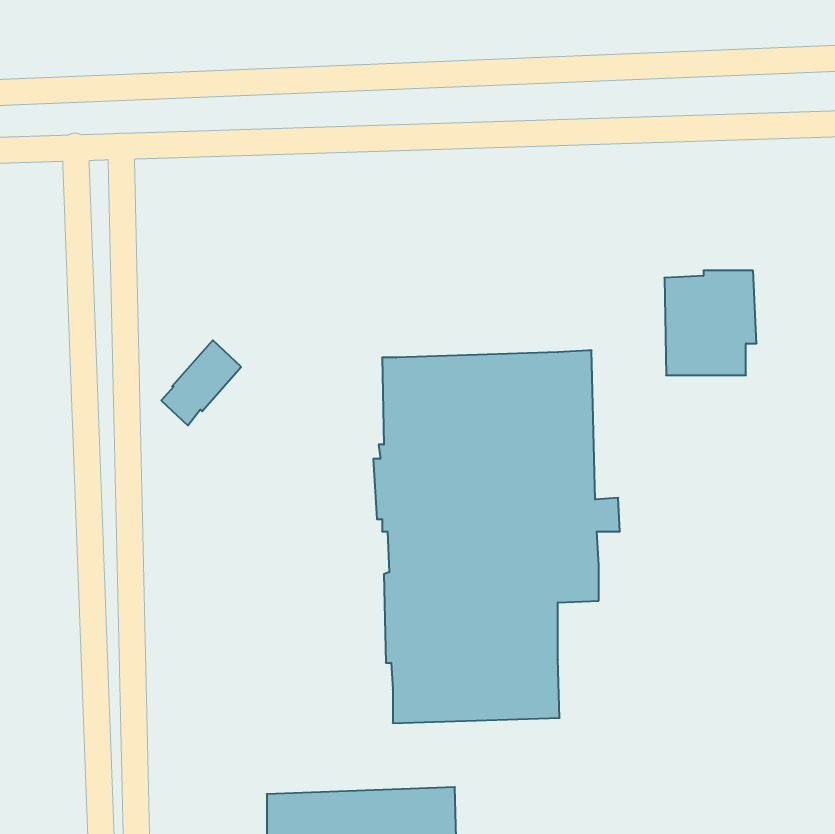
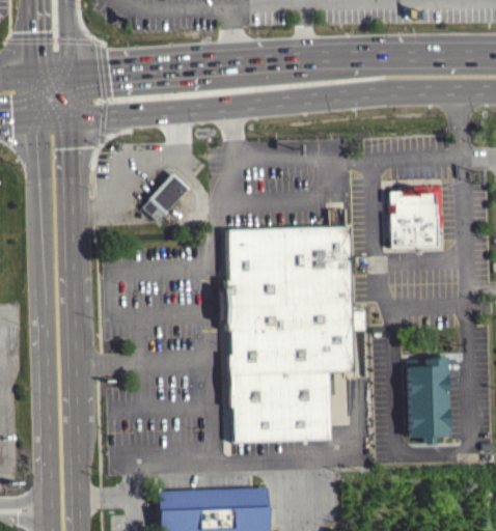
building: [161,340,241,425] -> [142,177,189,227]
building: none -> [405,353,451,438]

